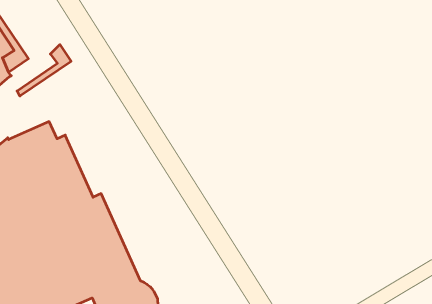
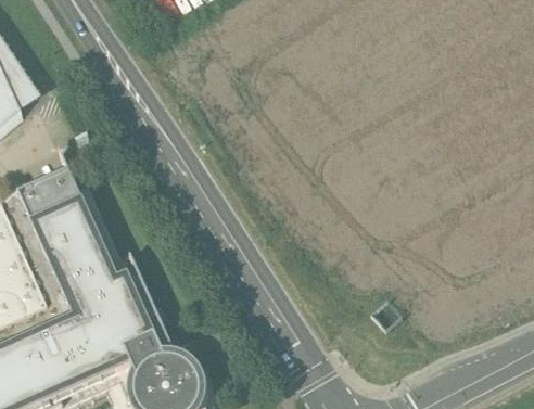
building: [17,45,71,96] -> none

